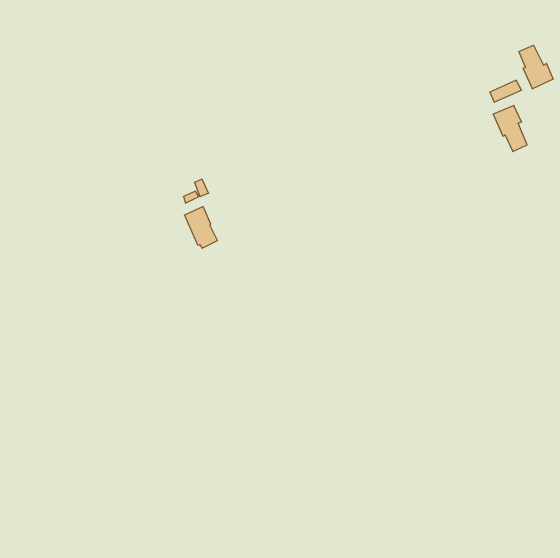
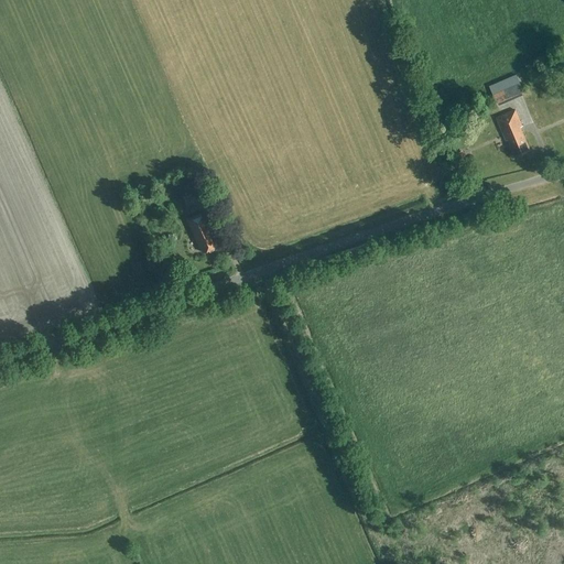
building: [519,45,553,89] -> none

